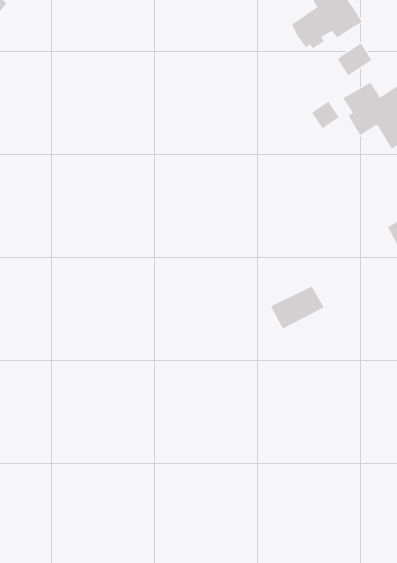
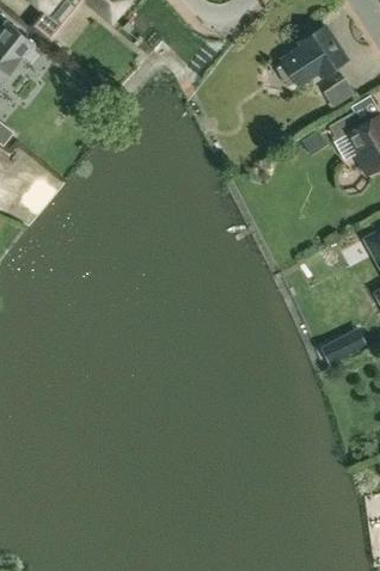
building: [270,286,324,329] -> [320,327,368,366]

